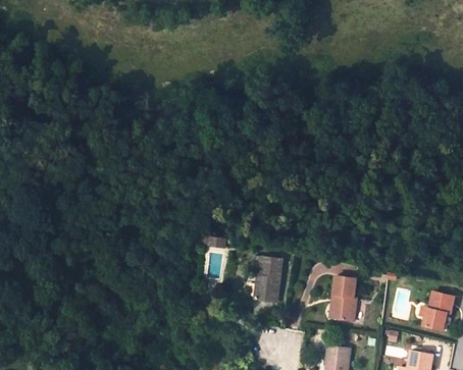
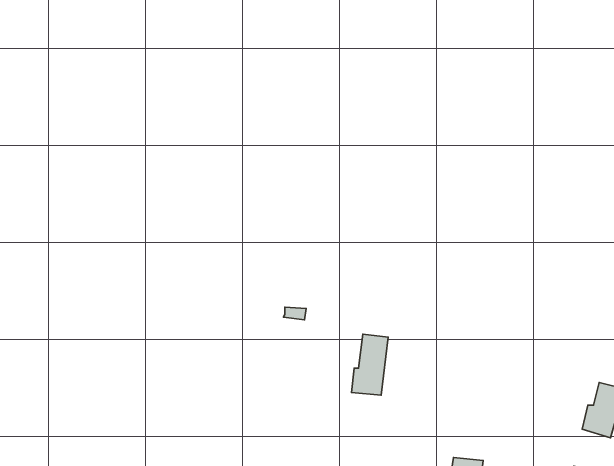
building: [332,277,354,321] -> none

